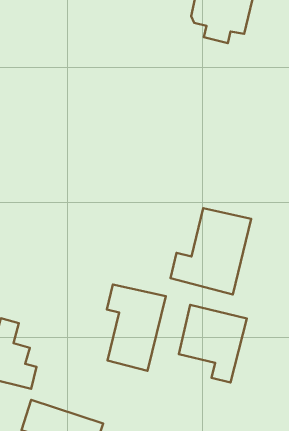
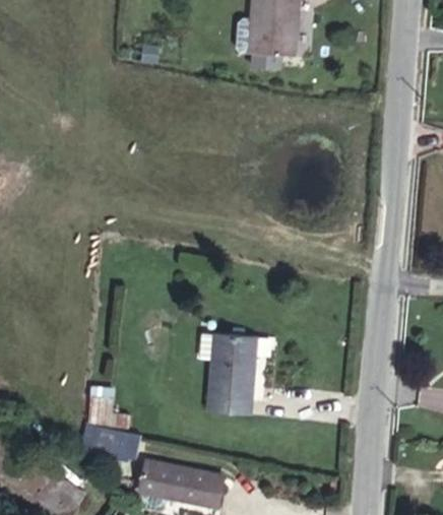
building: [171,208,251,295] -> none
building: [179,305,247,382] -> none

